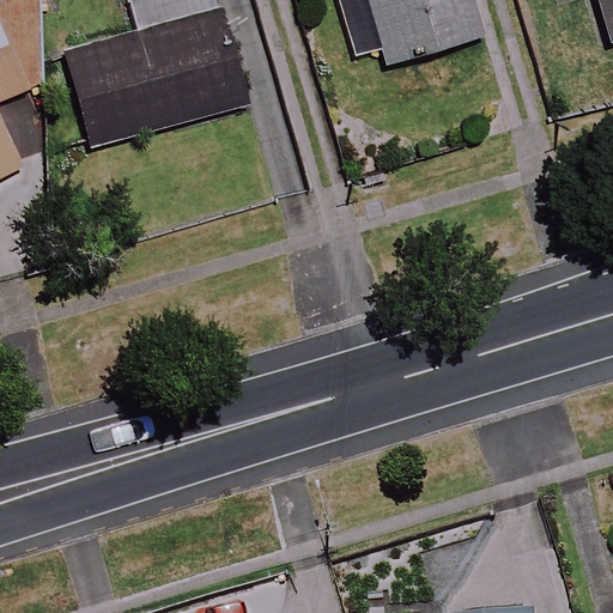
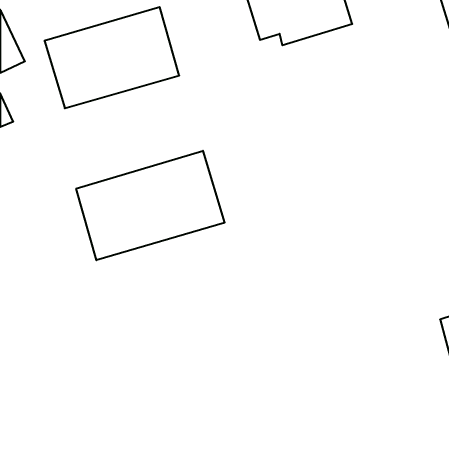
building: none -> [76,151,225,260]

